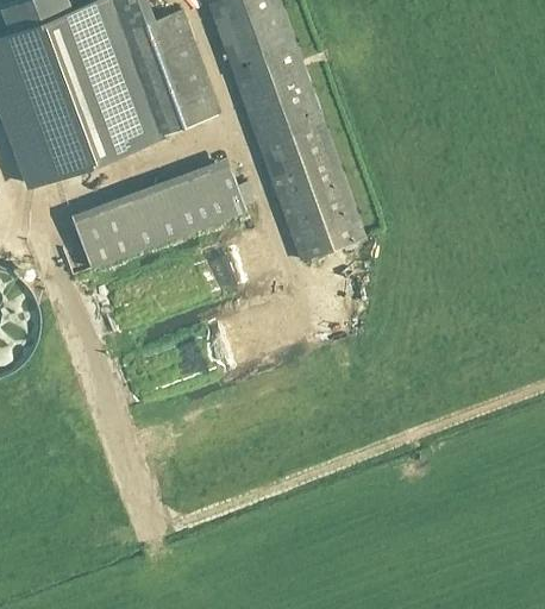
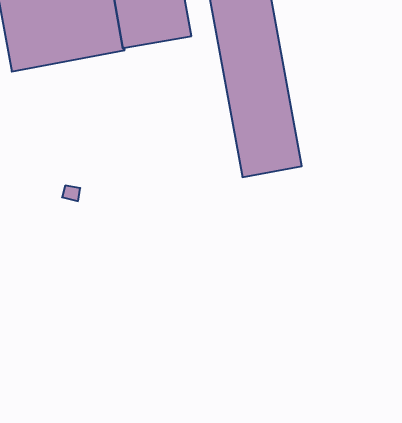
building: [73,158,248,268] -> none

